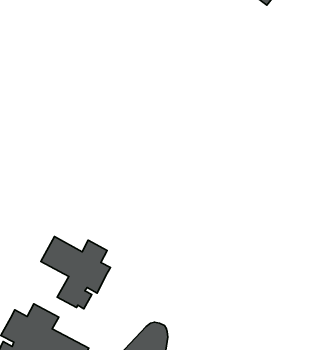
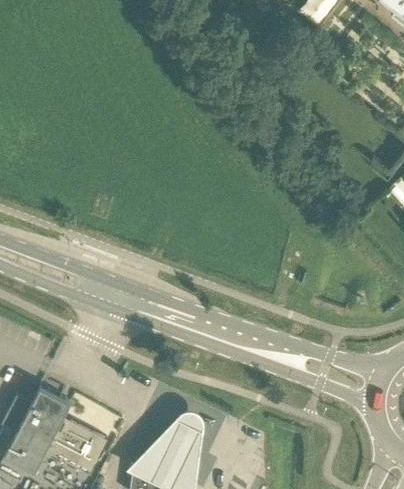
building: [41,237,110,309] -> none

